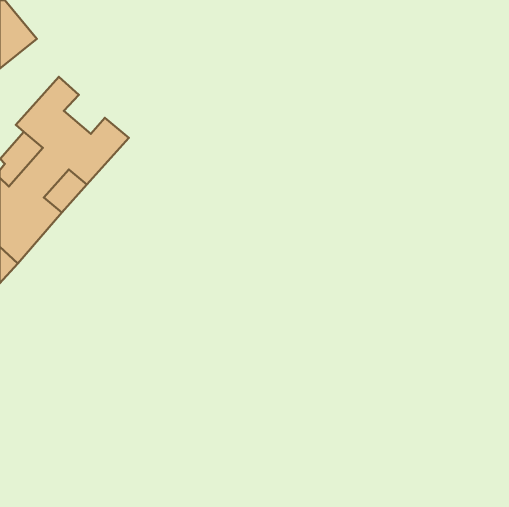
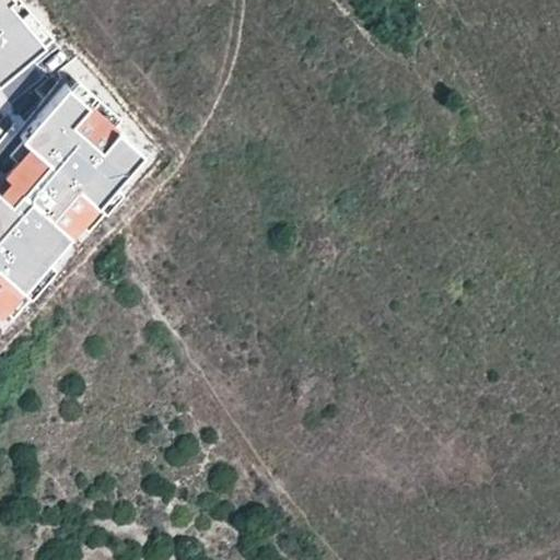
building: none -> [70,107,115,150]

